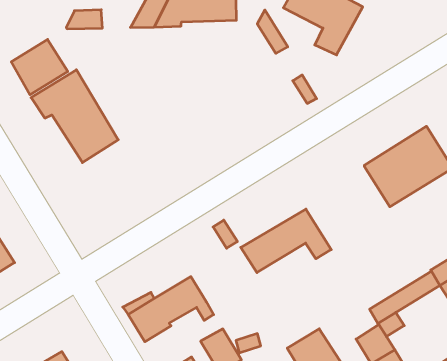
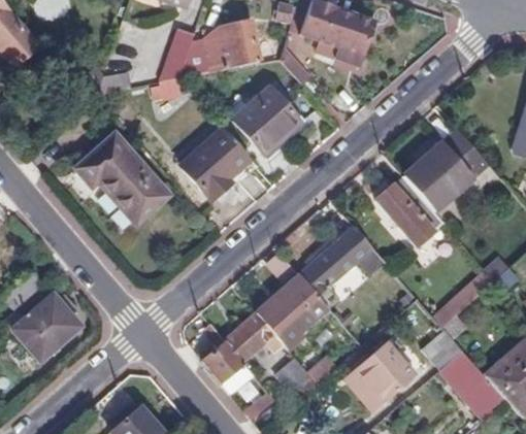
building: [11,39,68,95] -> none
building: none -> [233,86,301,155]
building: none -> [179,128,249,201]
building: none -> [376,178,441,248]
building: none -> [255,276,318,350]

